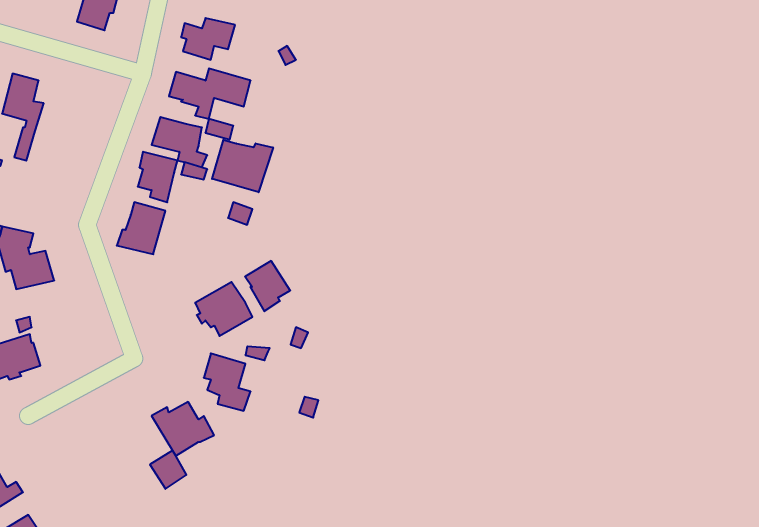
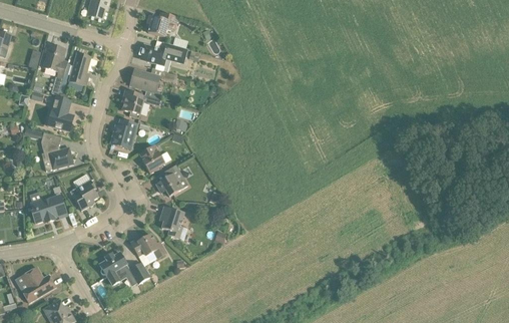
building: none -> [68,52,90,85]
building: [212,140,273,192] -> none
building: none -> [47,95,73,130]
building: [245,261,290,311] -> [138,144,164,174]
building: none -> [72,180,97,210]
building: none -> [98,252,126,285]

